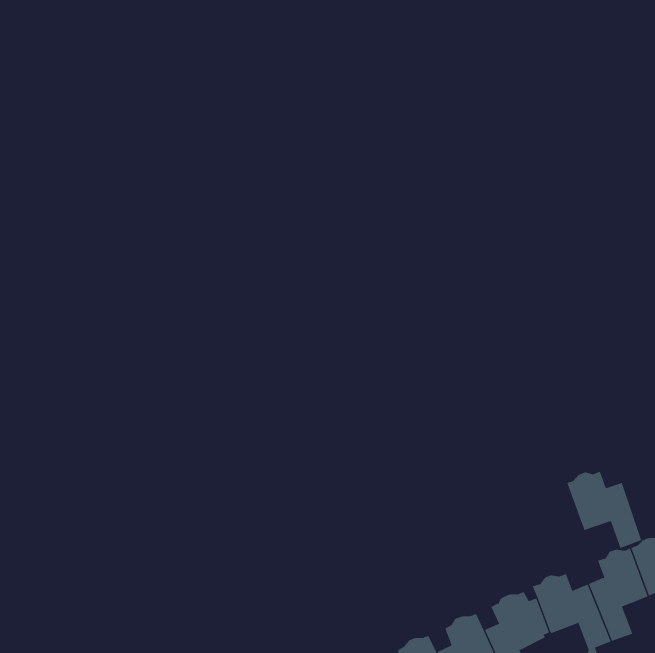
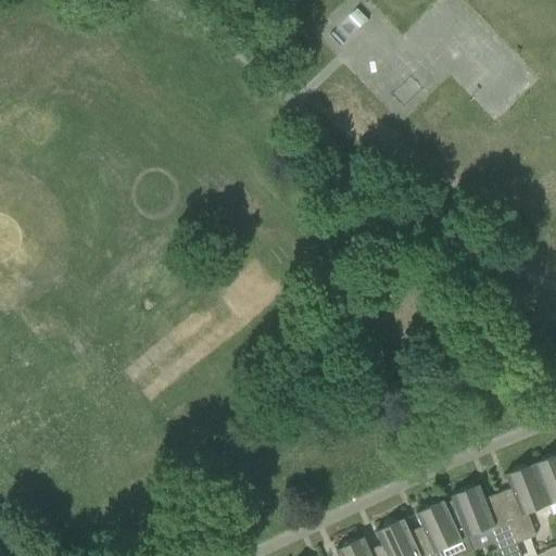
building: [566,471,642,549] -> none

